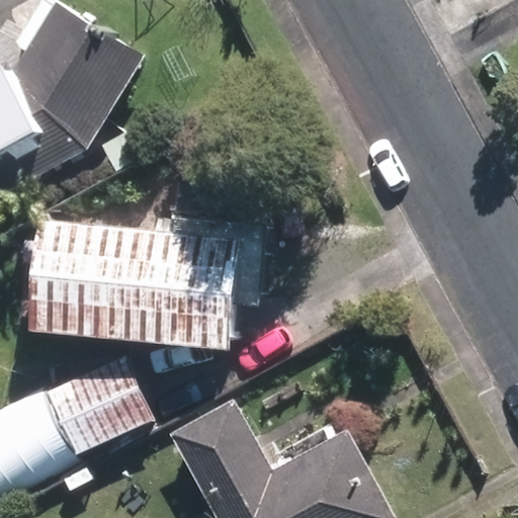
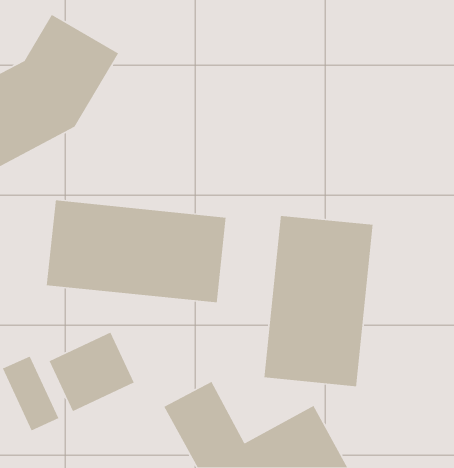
building: none -> [264,215,373,387]

